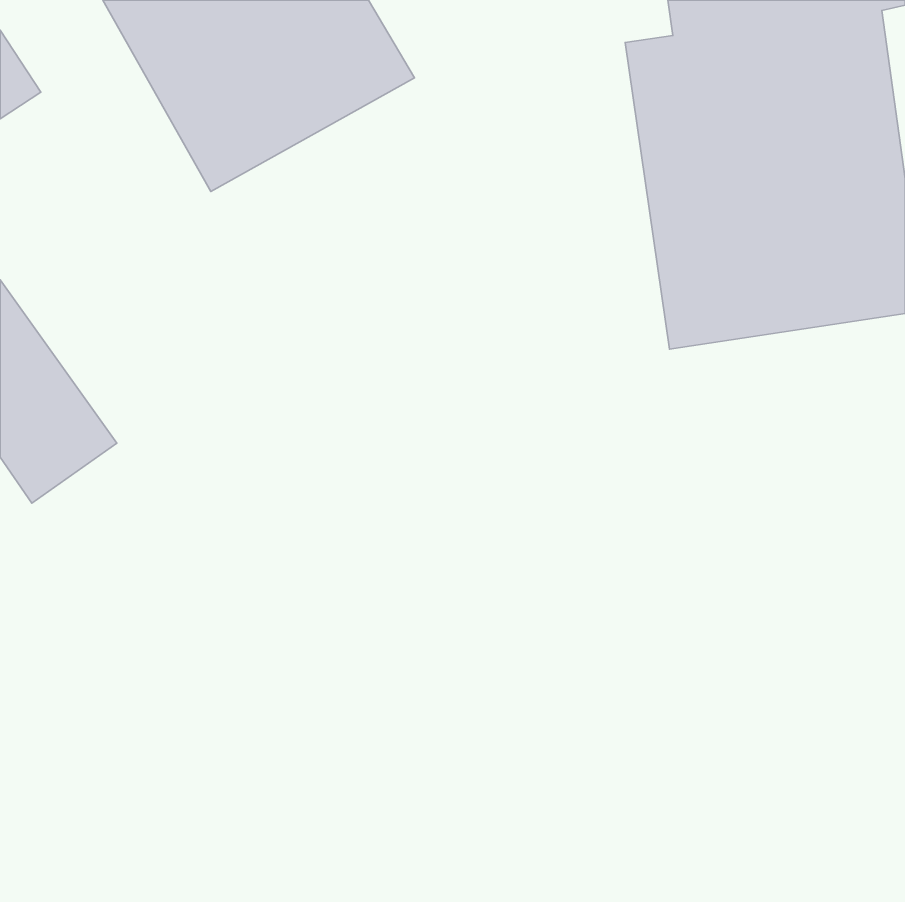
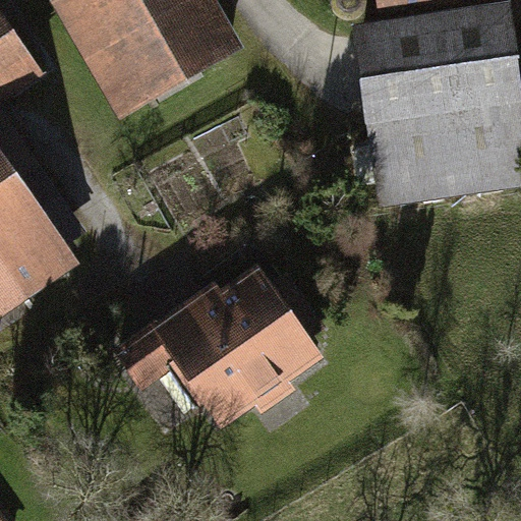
building: none -> [119,271,321,423]

